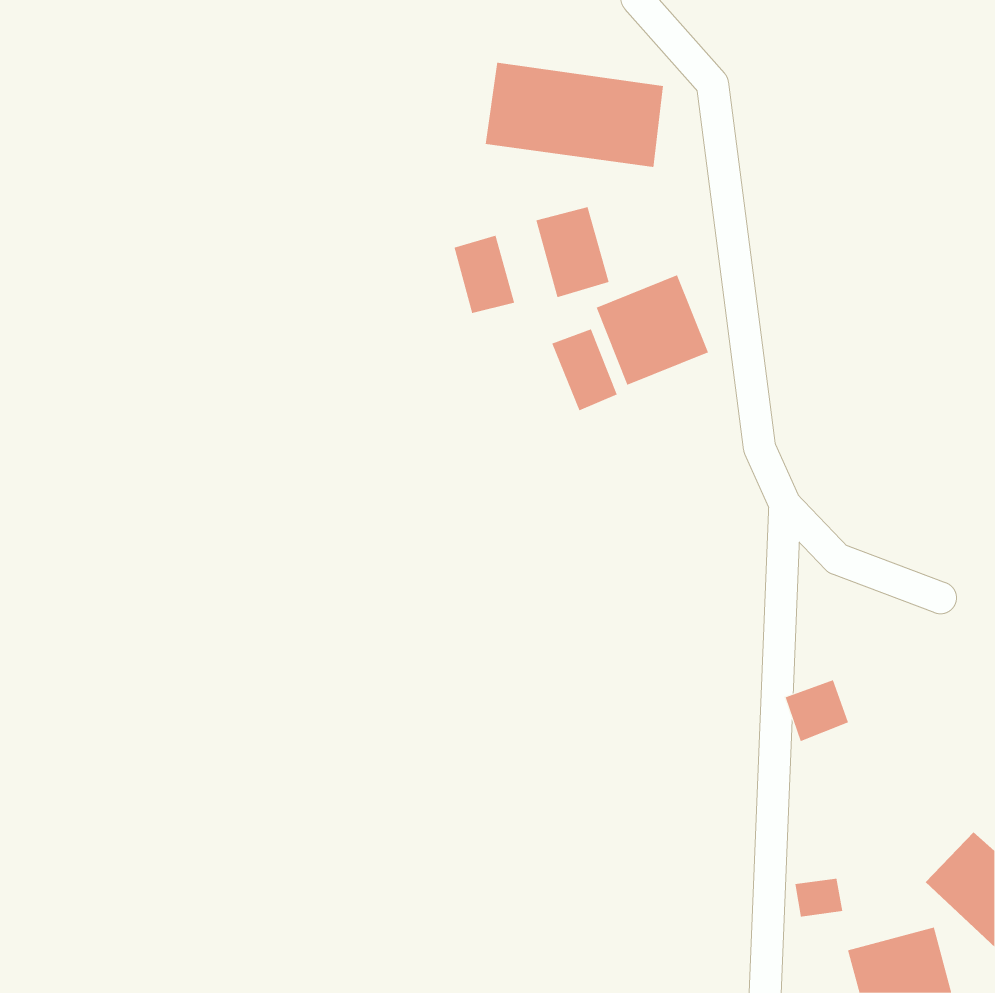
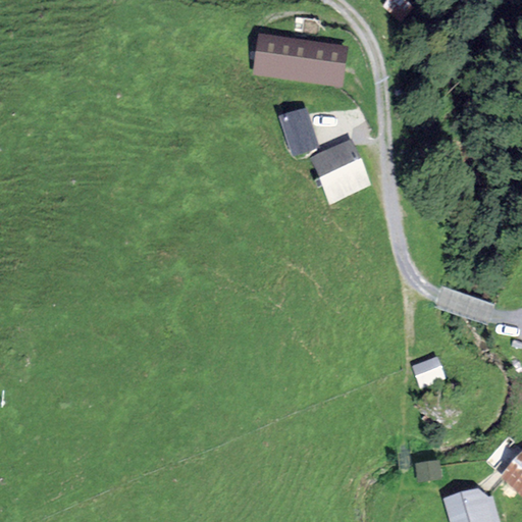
building: [454,235,515,314] -> none
building: [552,328,618,411] -> none

